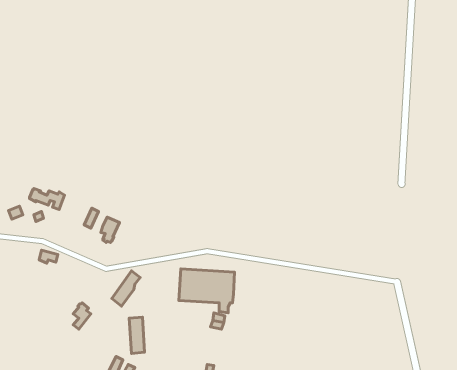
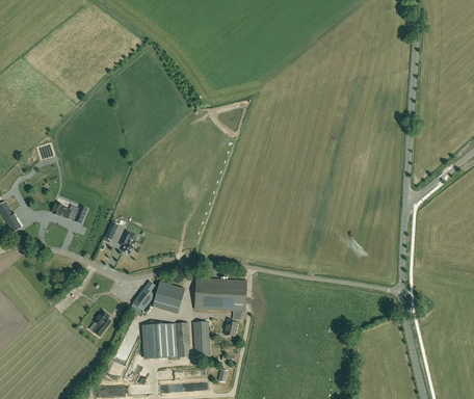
building: none -> [152,281,184,313]
building: none -> [192,321,210,355]
building: none -> [164,322,188,357]

